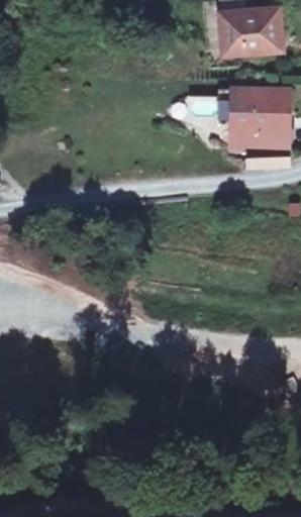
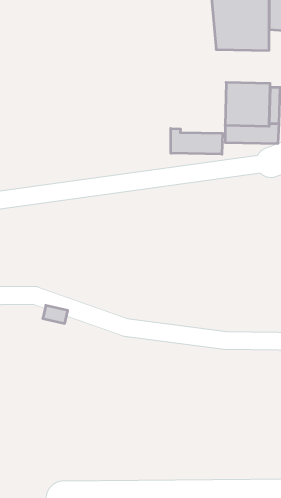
building: none -> [171,128,223,154]

